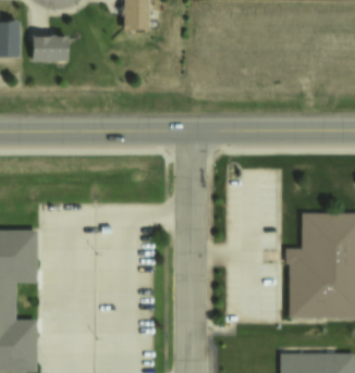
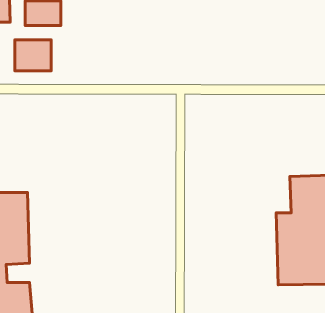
building: none -> [15,40,51,71]

